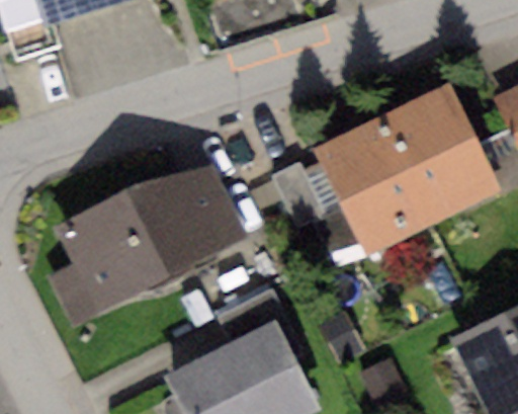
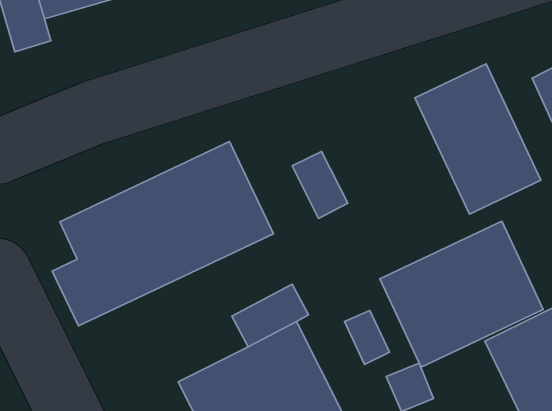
building: [317,112,435,252] -> none
building: none -> [380,221,543,367]

